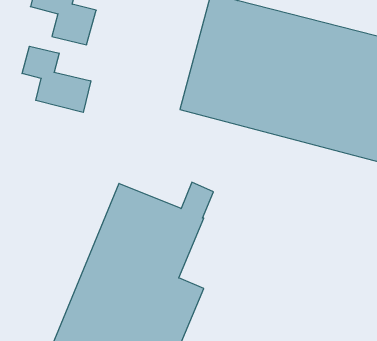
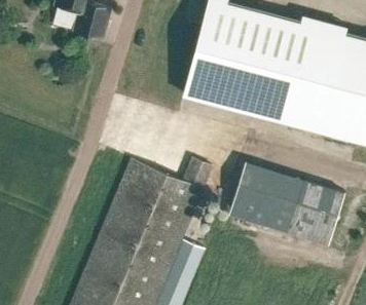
building: [22,46,91,112] -> none
building: none -> [228,162,344,245]

